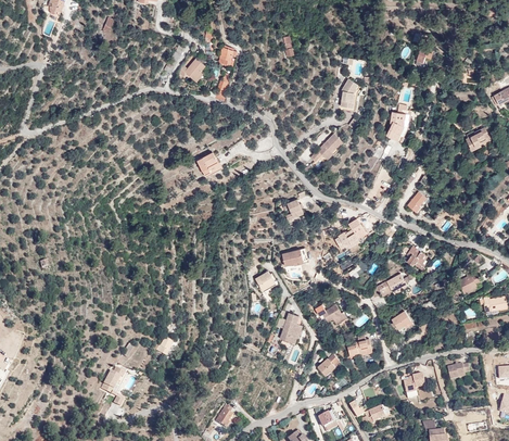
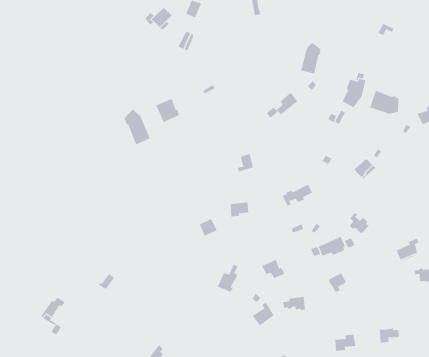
building: none -> [369,90,399,115]
building: none -> [124,109,151,145]

